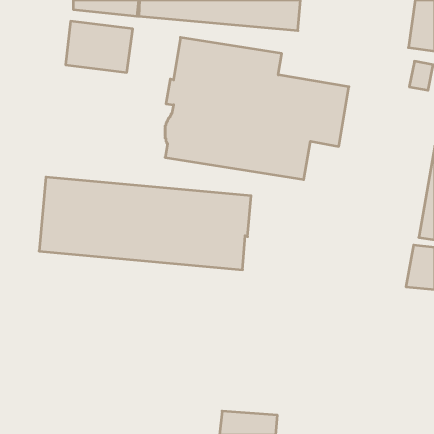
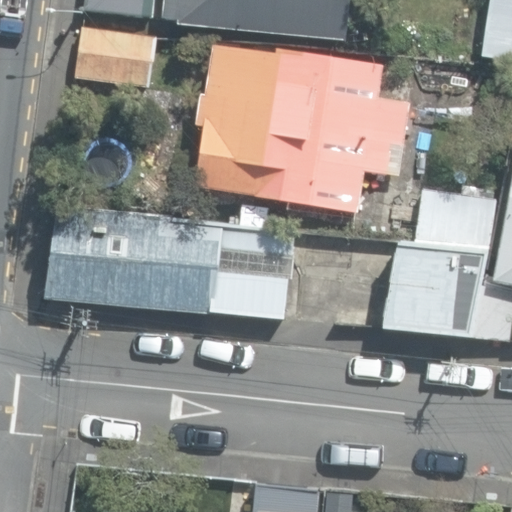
building: none -> [381,191,490,335]

